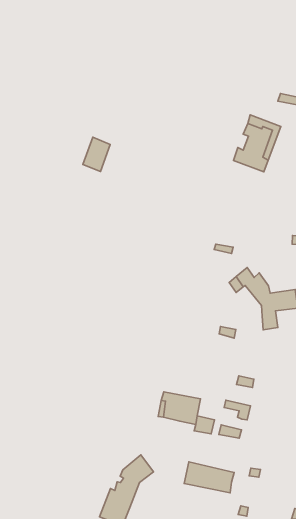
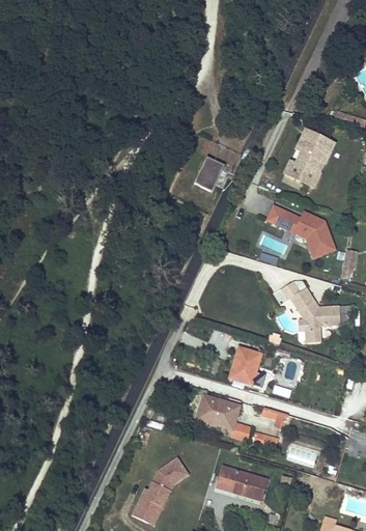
building: [83,137,110,172] -> [197,157,225,191]
building: none -> [268,205,337,258]
building: none -> [228,346,261,384]

